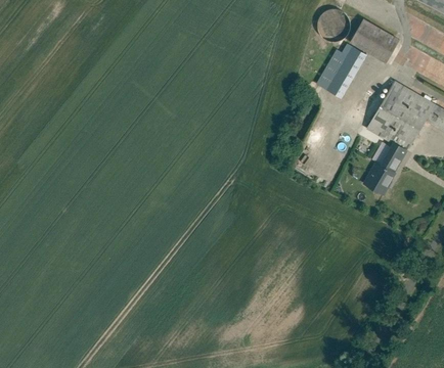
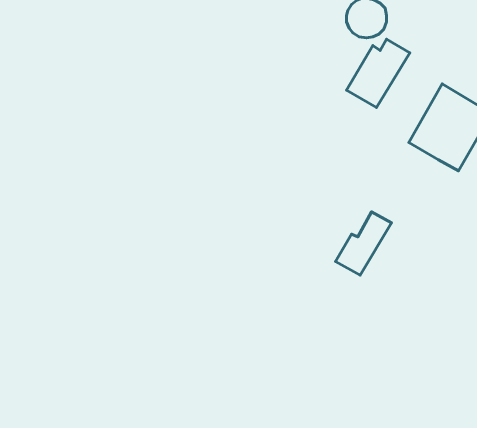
building: [348,18,398,64] -> none
building: [361,142,407,194] -> [335,212,391,275]

